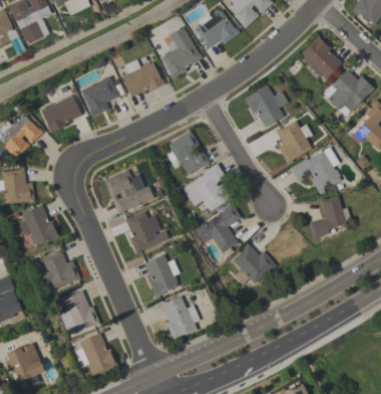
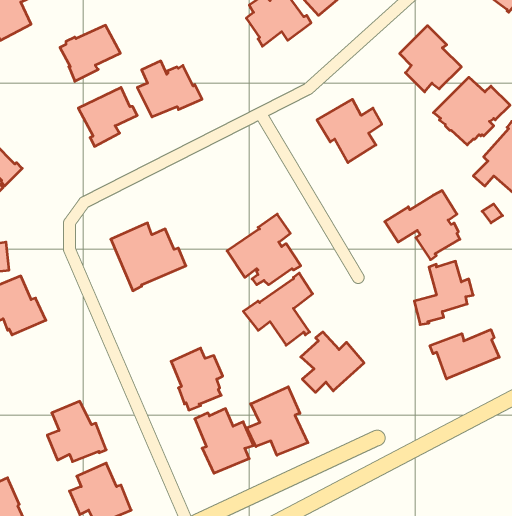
building: [161,26,203,79] -> none
building: [41,95,82,134] -> [60,25,120,81]
building: [276,120,313,164] -> none
building: [168,131,211,174] -> none
building: [125,211,168,253] -> none
building: none -> [430,330,499,379]
building: [34,248,80,288] -> none
building: none -> [247,387,308,455]

